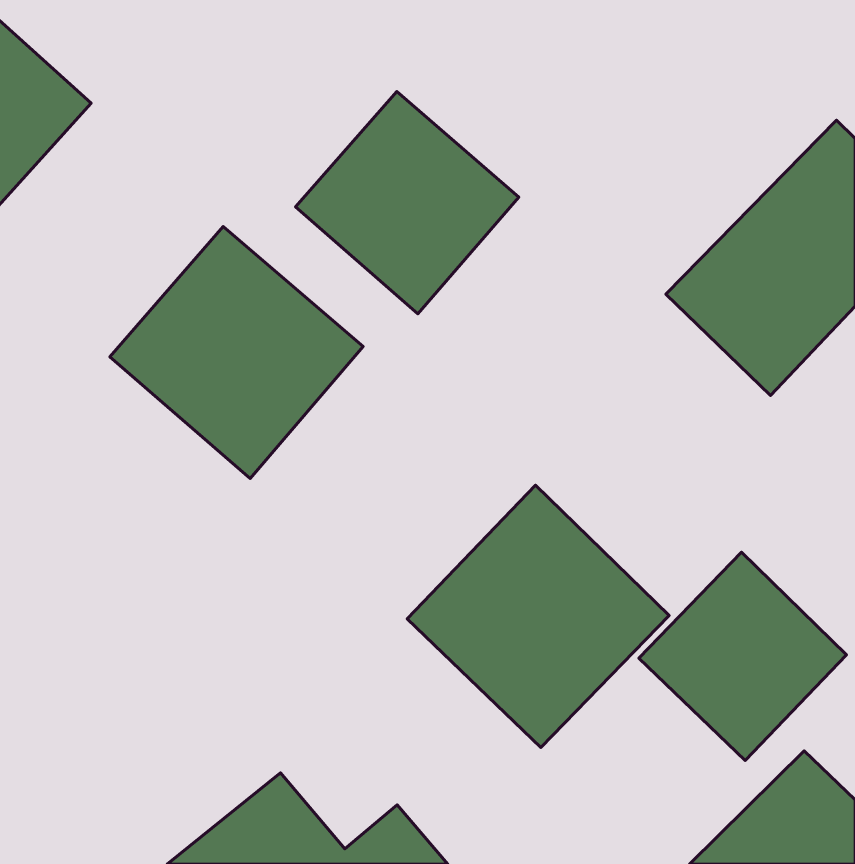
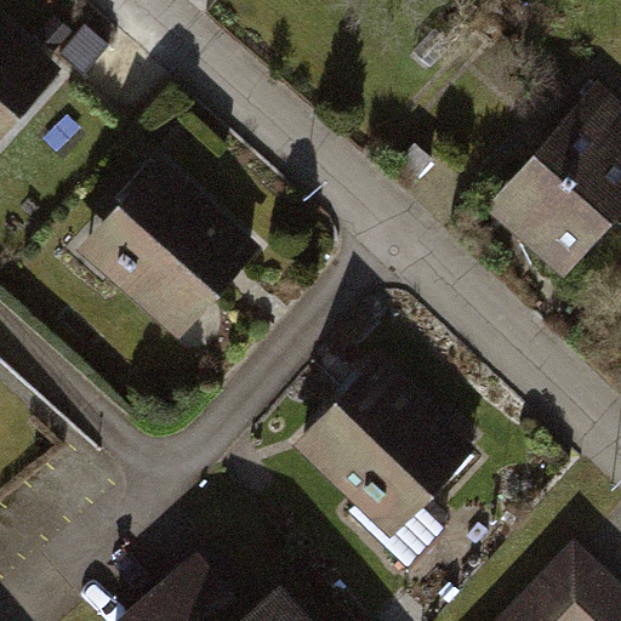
building: [295,92,519,314] -> none
building: [639,552,847,761] -> none

